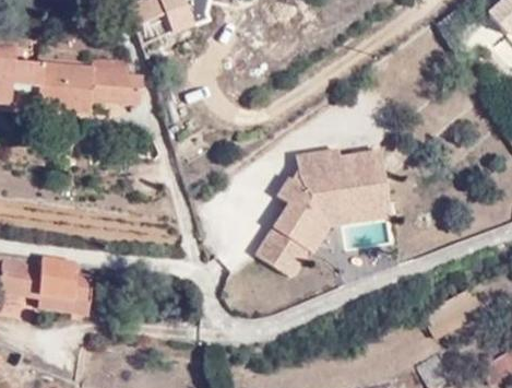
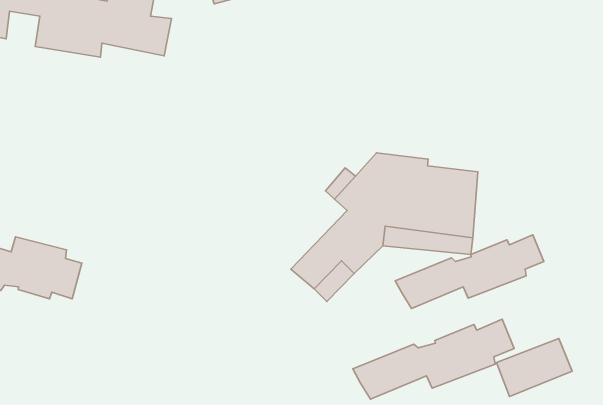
building: none -> [395,235,544,308]
building: none -> [353,319,514,399]

